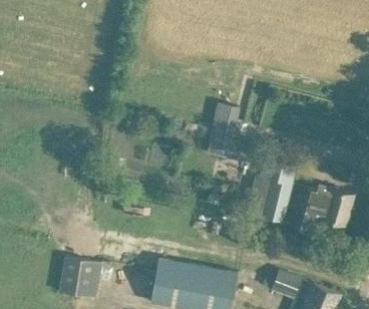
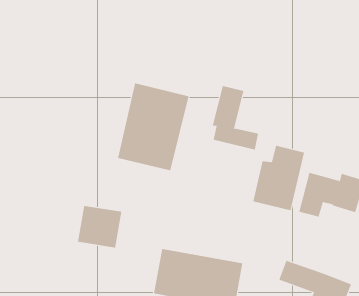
building: none -> [117,82,189,171]
building: [59,257,102,298] -> [77,205,122,248]

